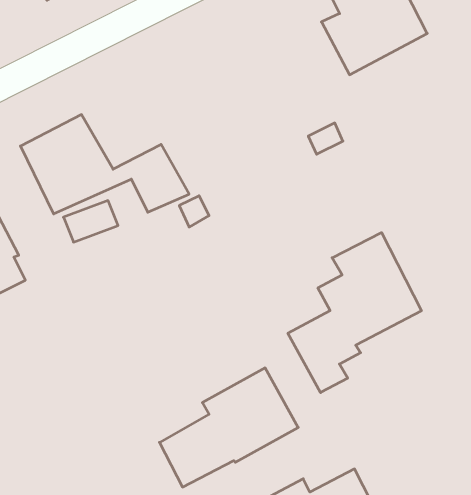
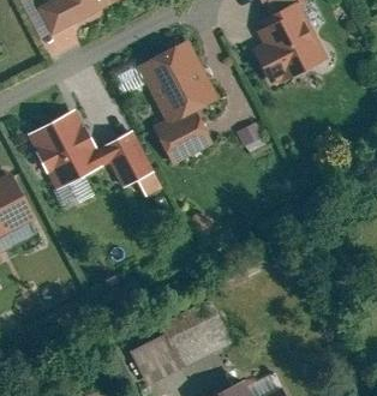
building: none -> [137,37,217,166]
building: [288,233,421,393] -> none

